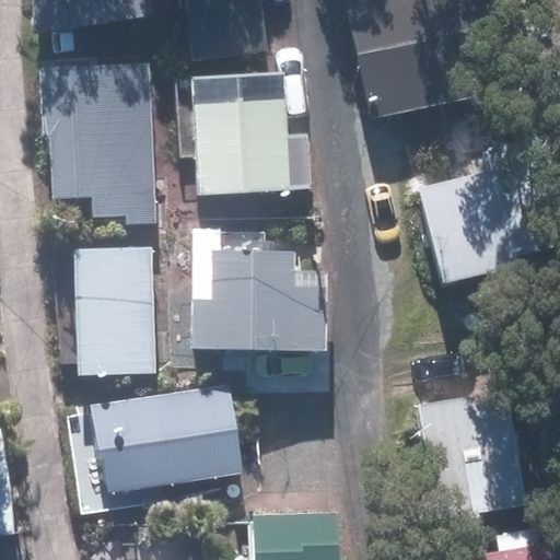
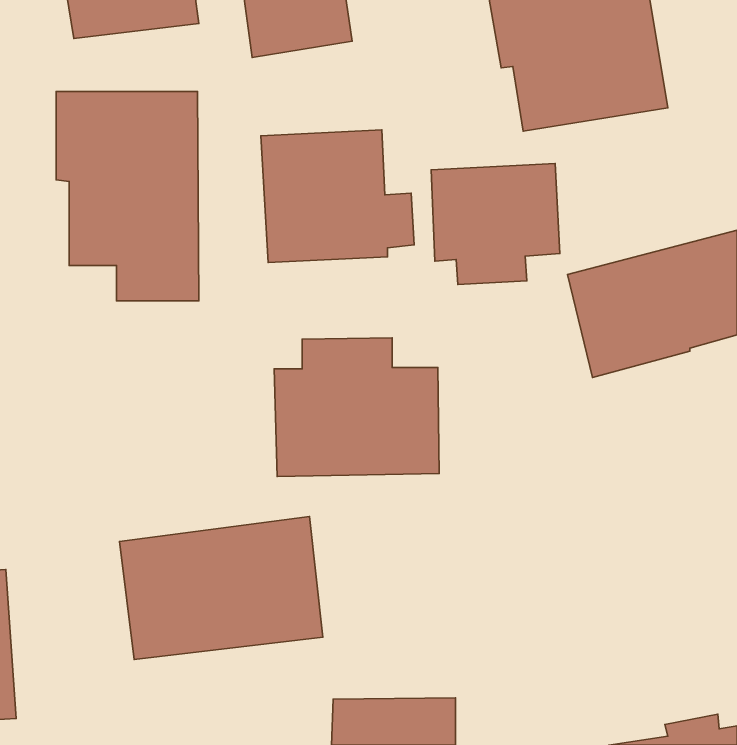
building: none -> [431,164,560,284]
building: [75,247,153,375] -> none
building: [415,395,516,516] -> none

